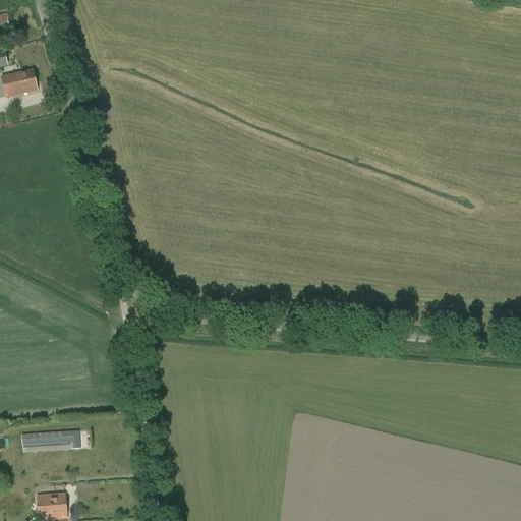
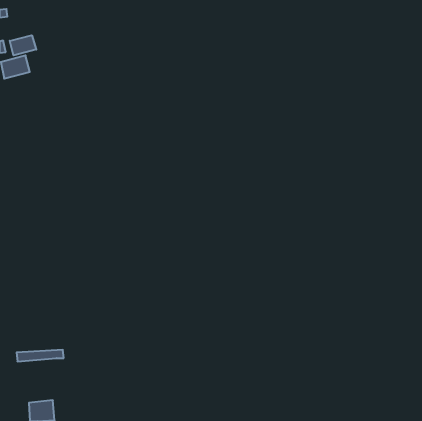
building: none -> [10,35,36,55]

